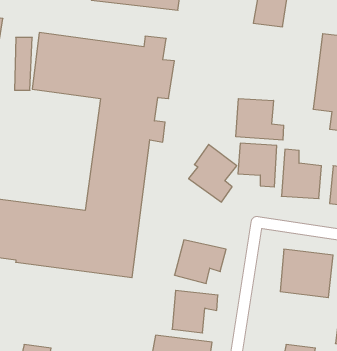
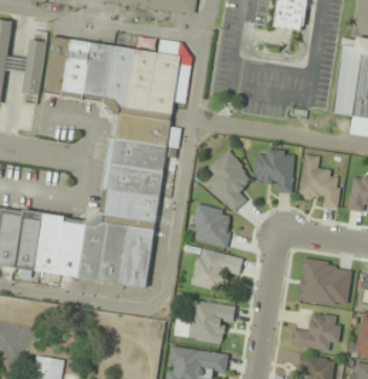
building: [236,99,284,140] -> none
building: none -> [191,205,235,247]
building: none -> [293,315,340,350]

